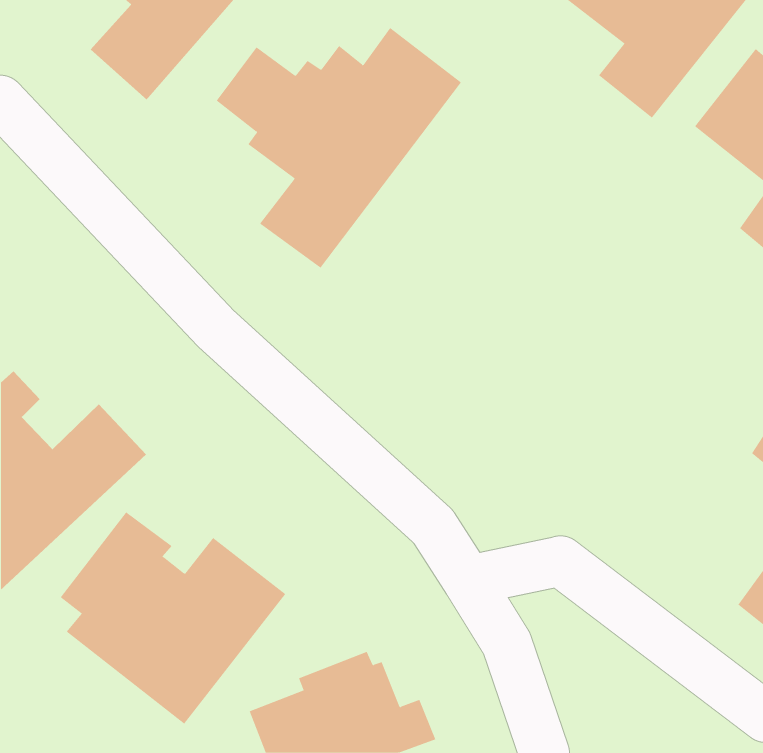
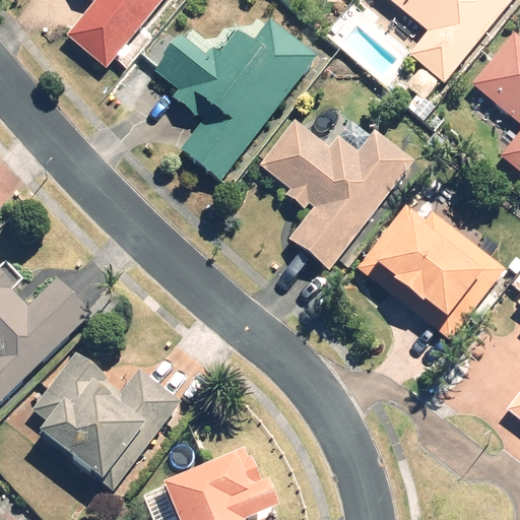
building: none -> [257,119,412,270]
building: none -> [356,205,506,339]

